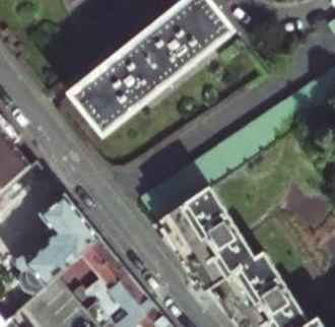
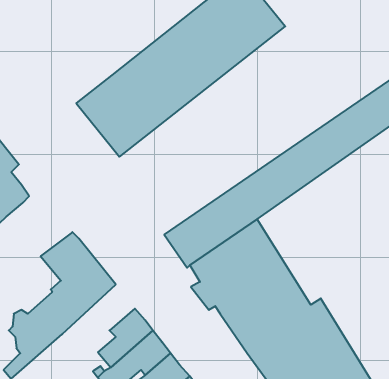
building: [58,238,116,284] -> none

